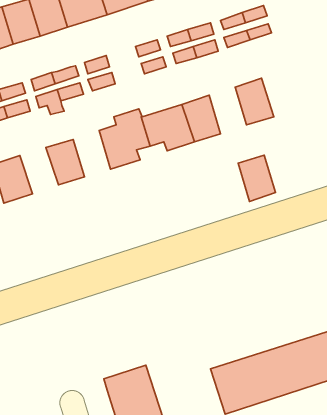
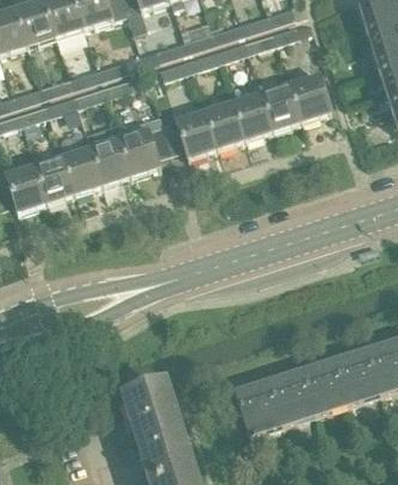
building: none -> [288,73,331,123]
building: none -> [87,124,130,186]
building: none -> [35,155,75,204]
building: [238,155,276,202] -> [234,92,273,141]

